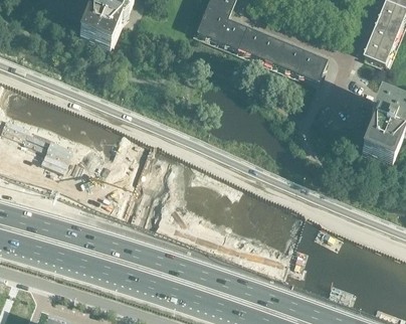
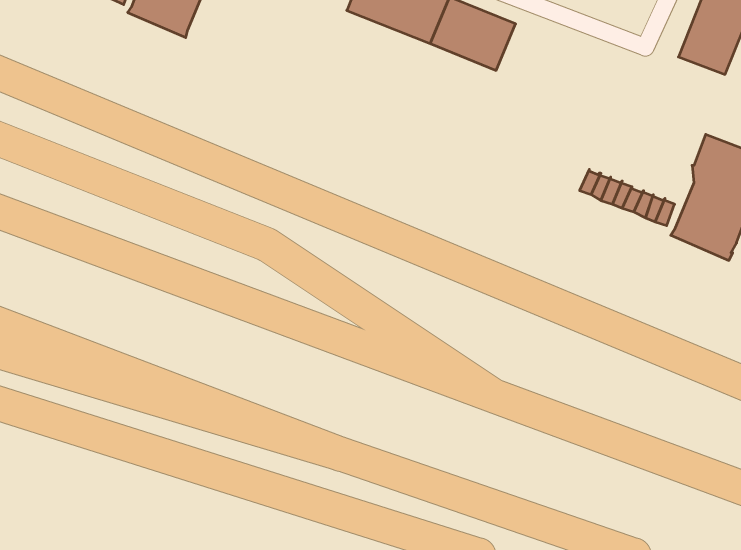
building: [270,38,327,83] -> none

